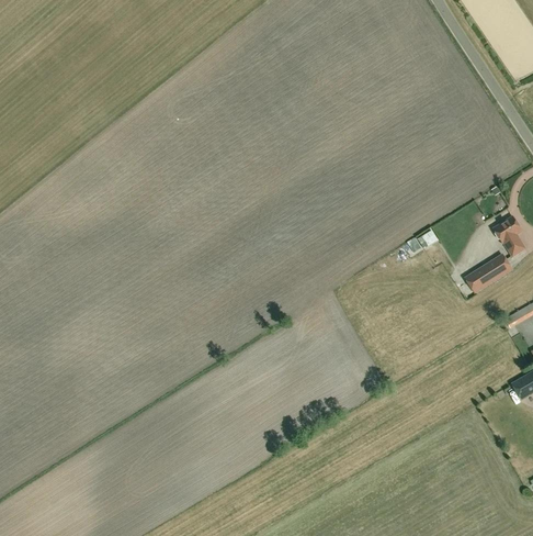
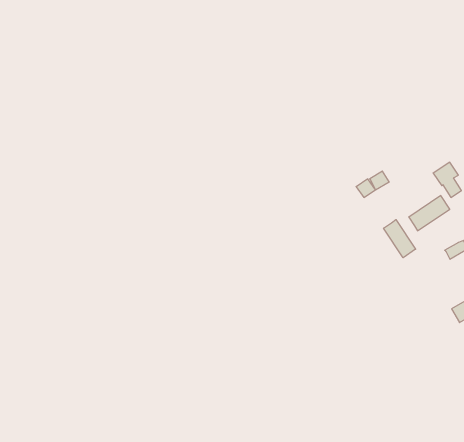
building: none -> [384,220,416,258]

